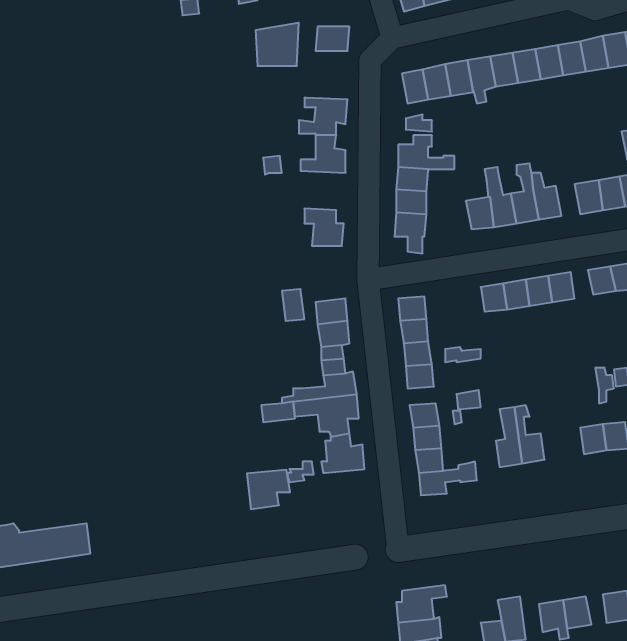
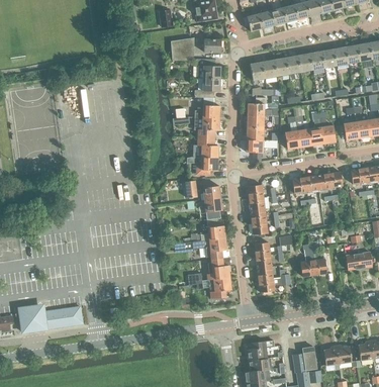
building: none -> [196,59,221,79]
building: none -> [195,117,220,138]
building: none -> [187,157,218,175]
building: [247,470,290,509] -> [209,278,232,299]

